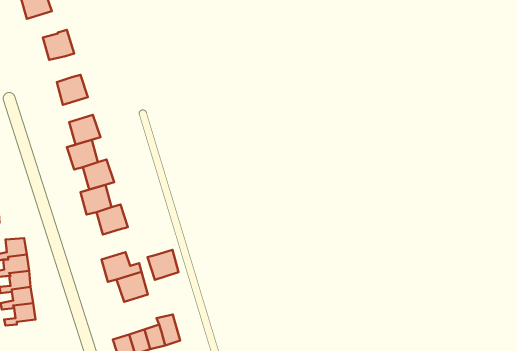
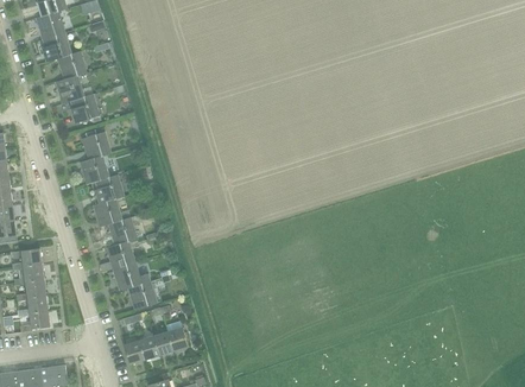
building: none -> [42,33,71,62]
building: none -> [55,76,84,104]
building: [147,250,179,280] -> [106,241,135,269]

